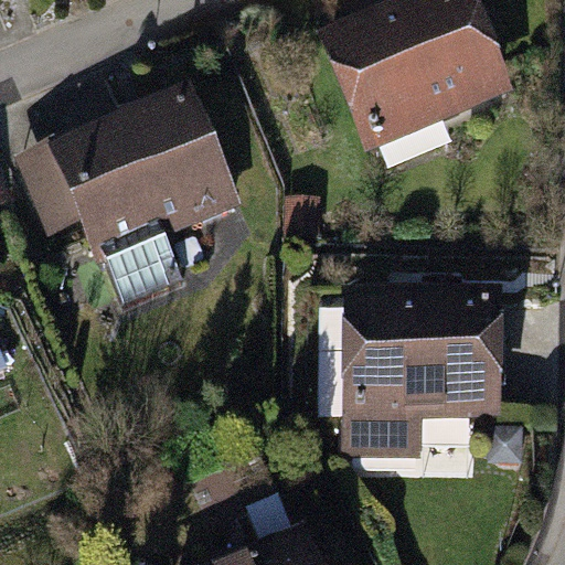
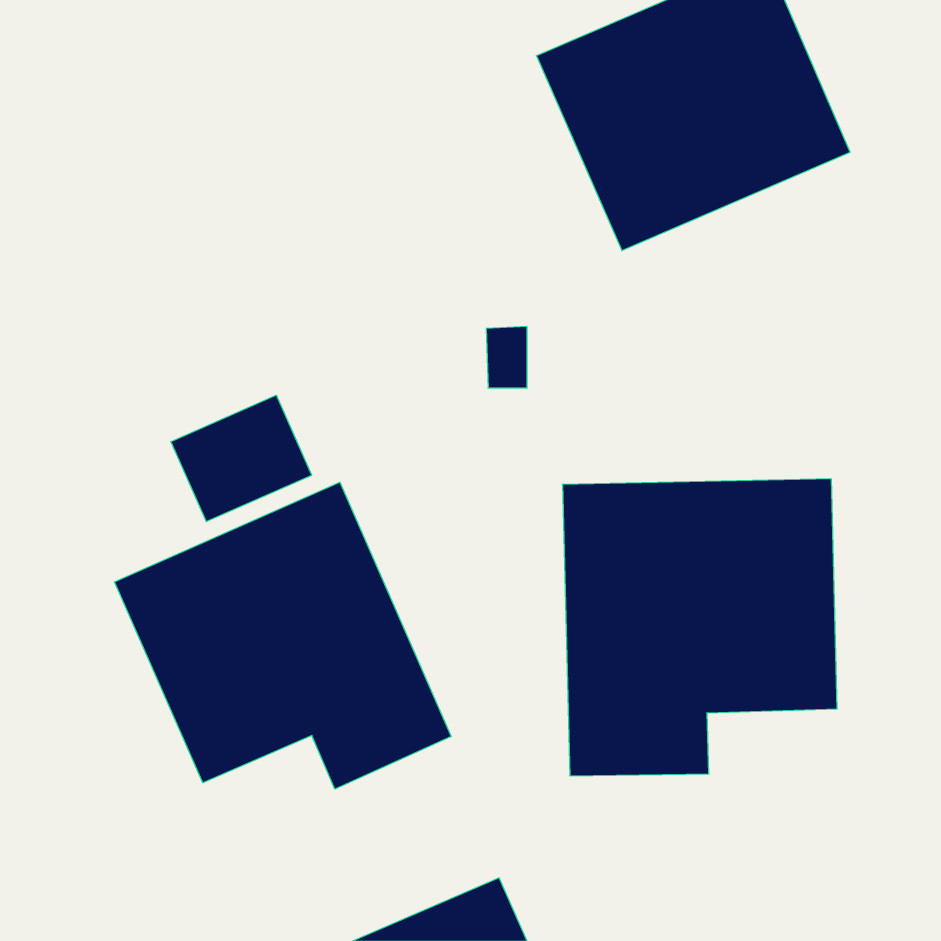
building: [18,82,236,258] -> none
building: none -> [115,482,451,789]

